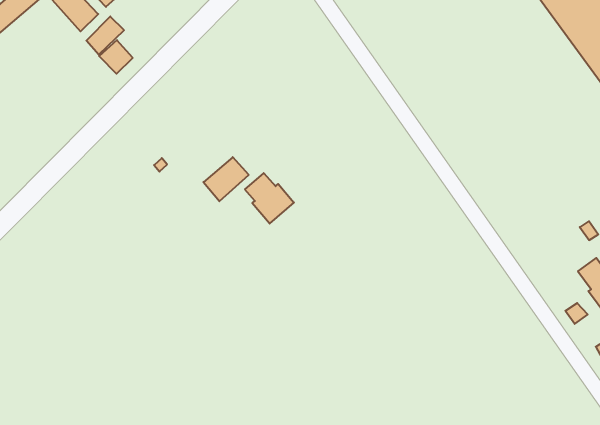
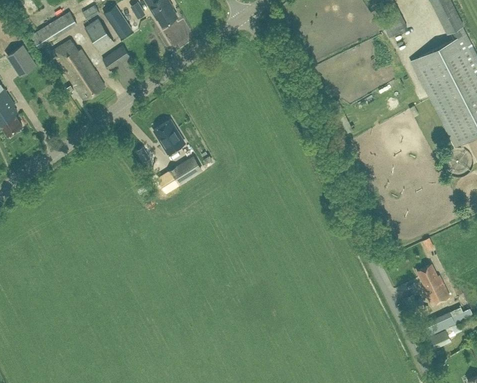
building: none -> [51,39,105,100]
building: none -> [153,120,184,153]
building: [245,173,294,224] -> none

